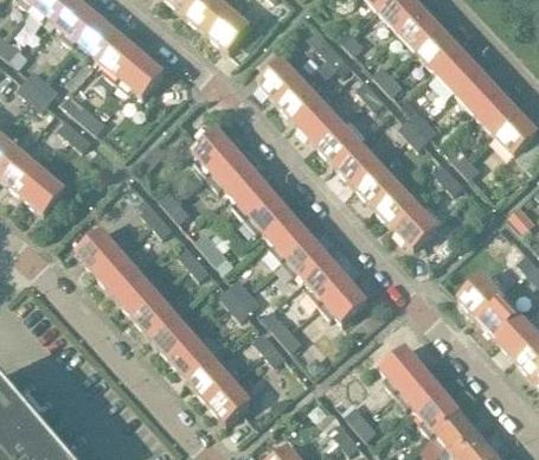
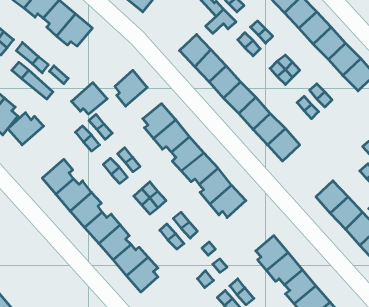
building: [258,59,300,101] -> none
building: [206,149,254,191] -> [71,83,107,114]
building: [77,226,124,269] -> [8,113,44,145]

